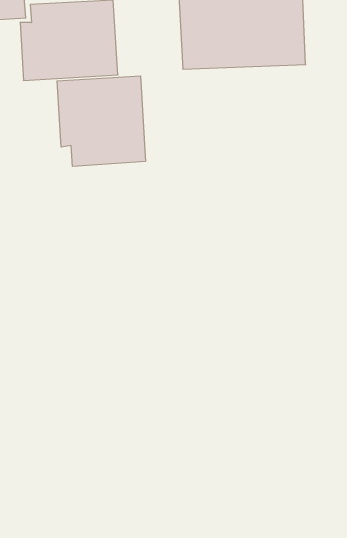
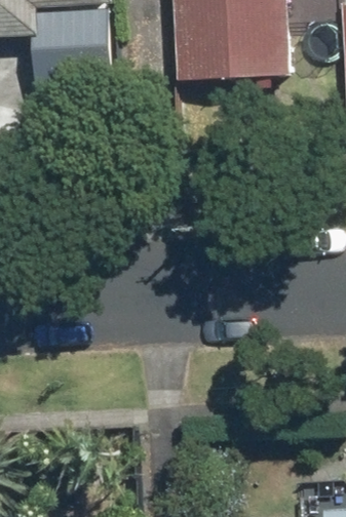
building: [57,76,145,166] -> none

